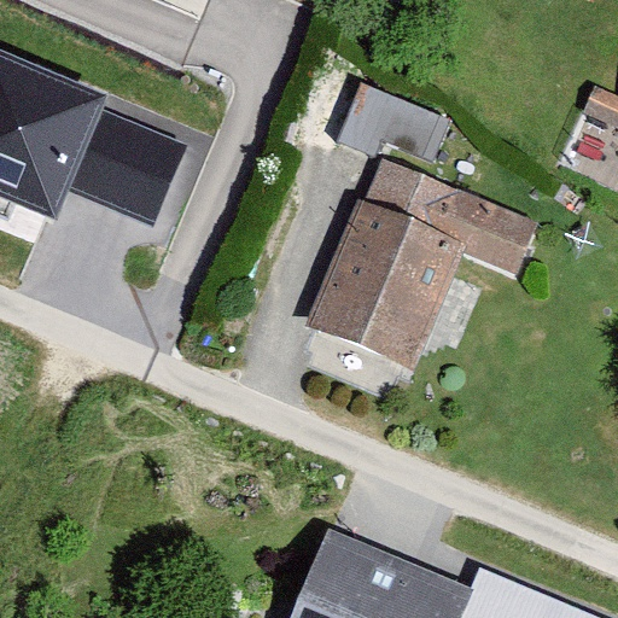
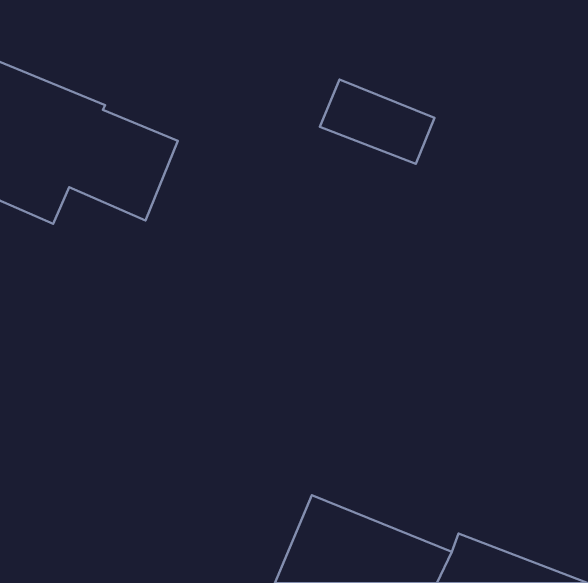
building: [305,161,536,379] -> none

